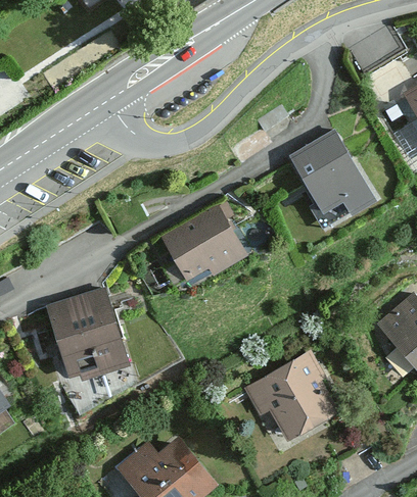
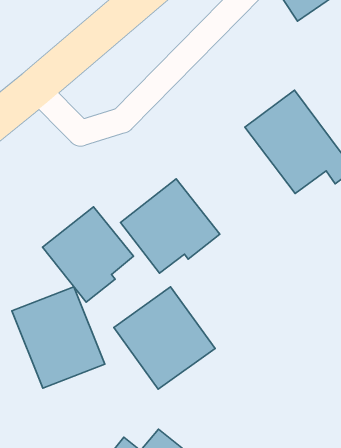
building: none -> [42,207,134,302]
building: [241,353,335,449] -> [114,287,215,389]

